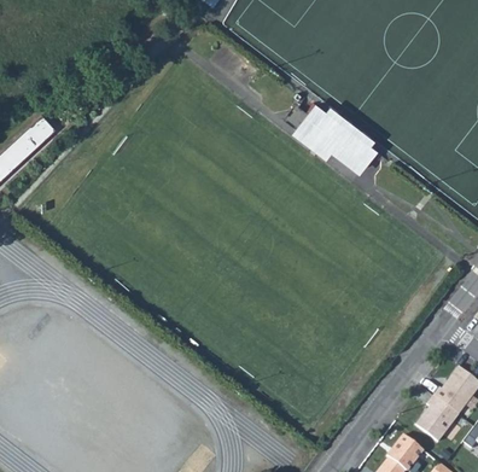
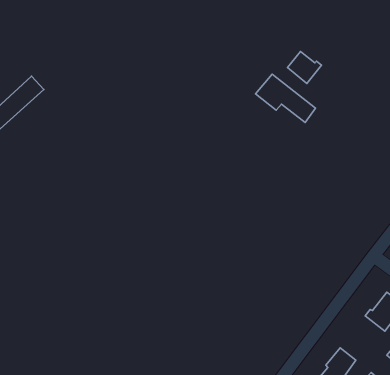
building: none -> [288,51,321,83]
building: [416,395,459,441] -> none

